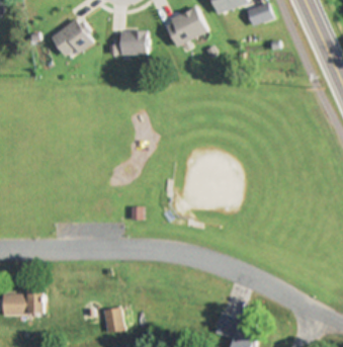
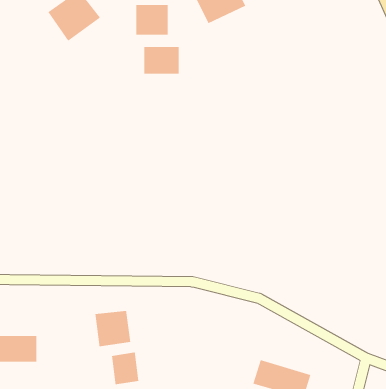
building: none -> [144,46,179,75]
building: none -> [95,310,131,347]

